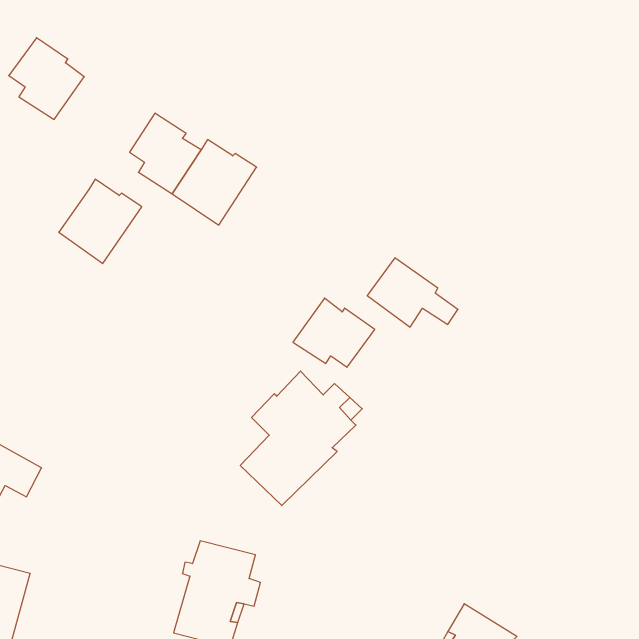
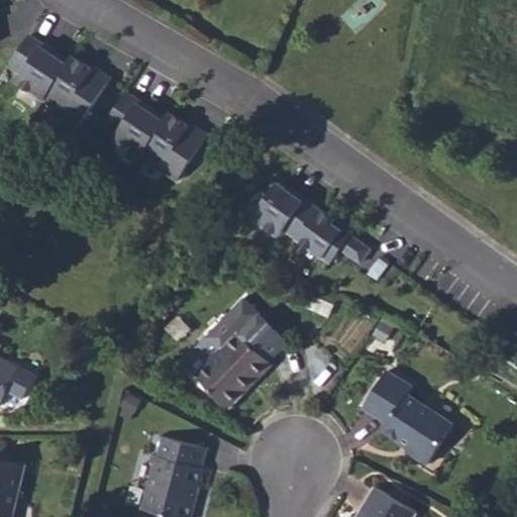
building: [59,179,142,264] -> [43,57,110,124]
building: [293,298,375,367] -> [251,185,317,240]
building: none -> [360,371,450,464]

